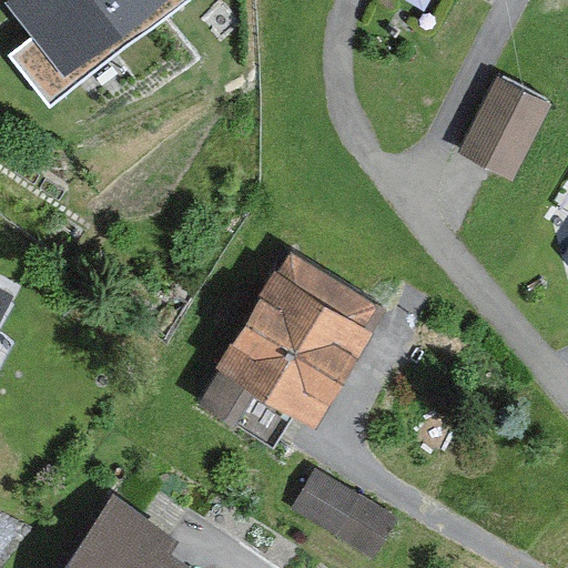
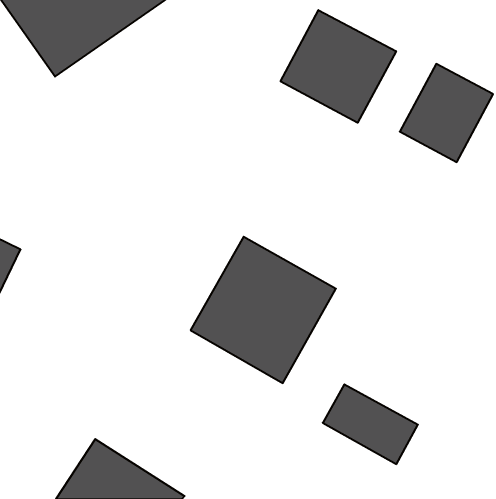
building: none -> [281,10,396,123]
building: [288,469,396,559] -> [323,384,418,464]

